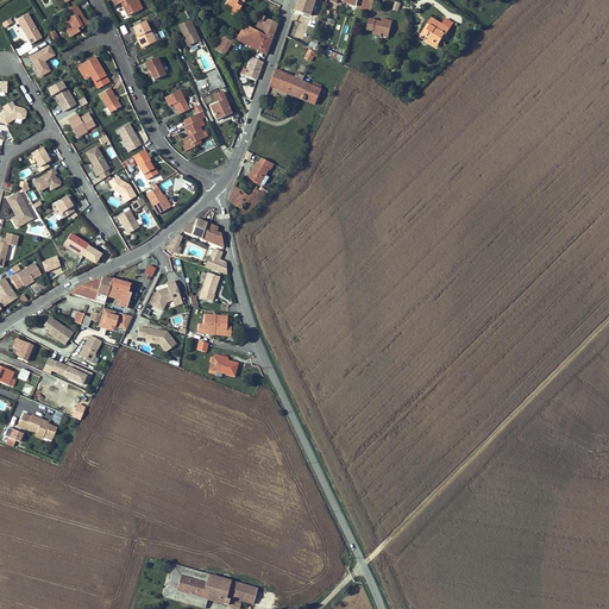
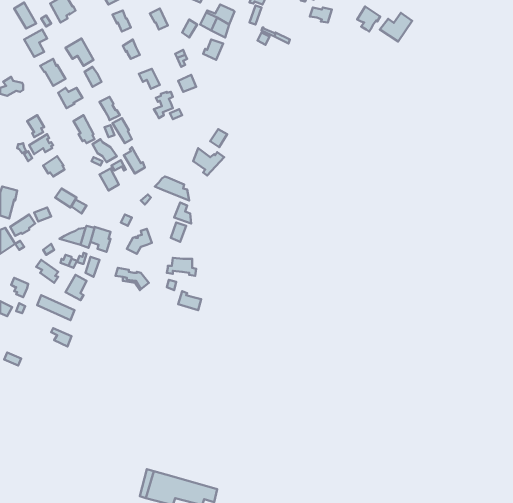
building: none -> [380,13,412,42]
building: [270,68,325,103] -> none
building: [7,190,34,227] -> none
building: [18,412,57,441] -> none

